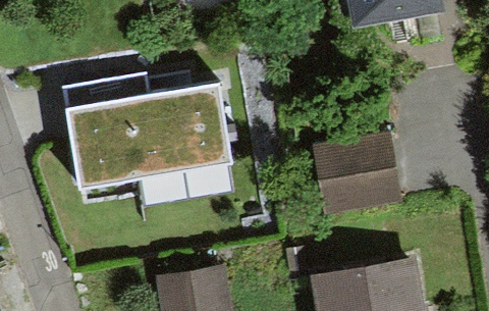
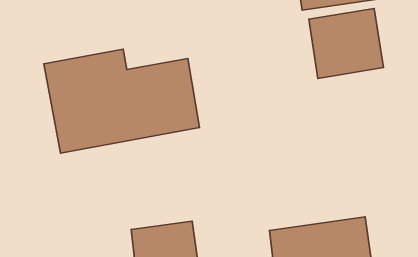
building: [315,132,398,210] -> [309,8,383,78]

